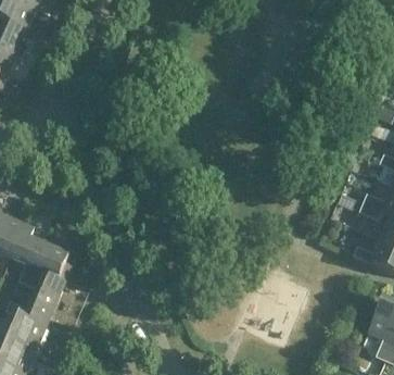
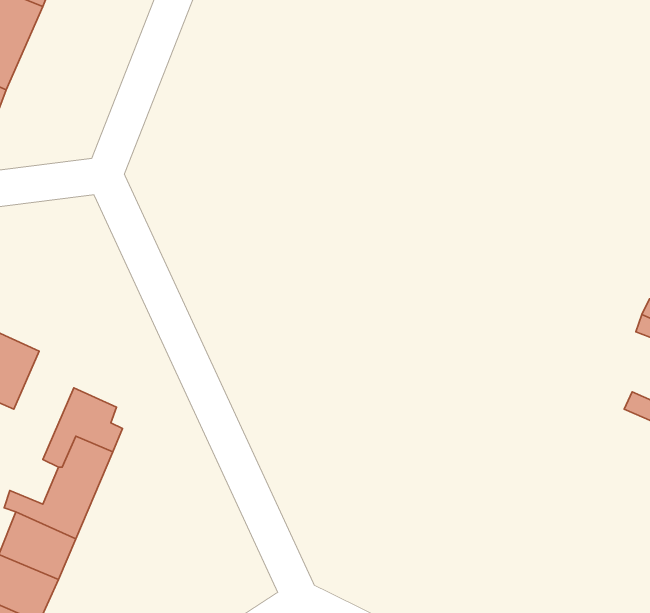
building: [11,222,45,283] -> none

